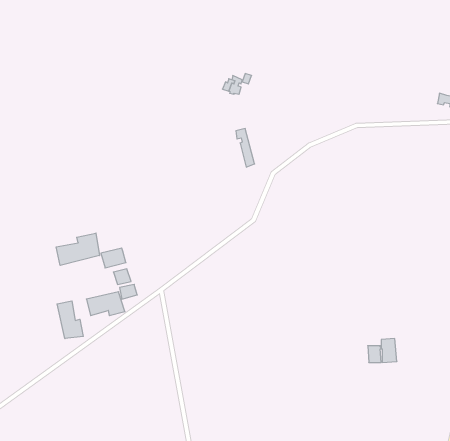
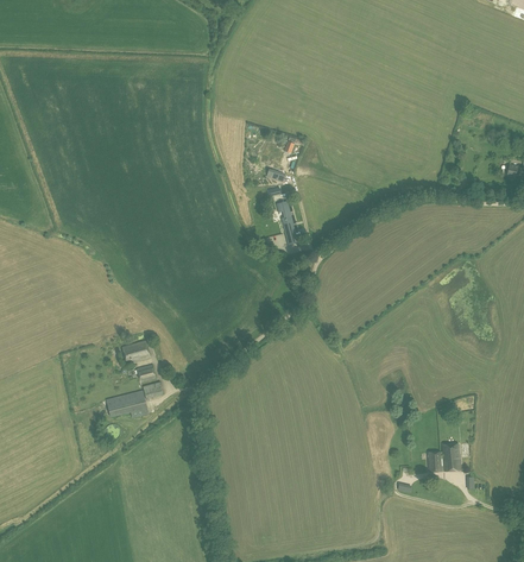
building: [56,233,99,265] -> none
building: [57,301,83,339] -> none

